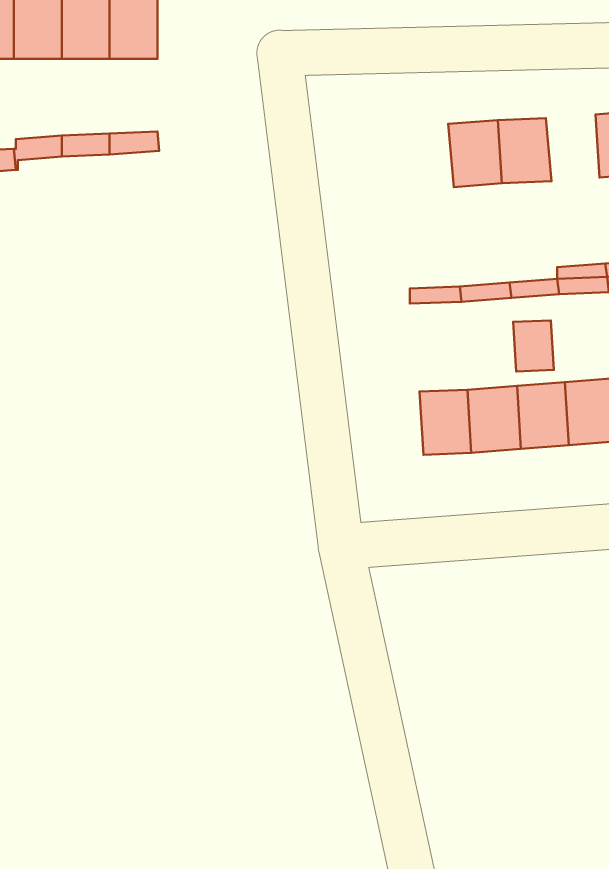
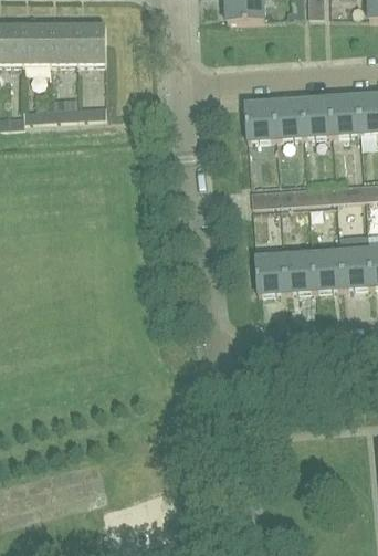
building: none -> [329,95,360,134]
building: none -> [245,101,276,139]
building: [513,320,554,371] -> none

